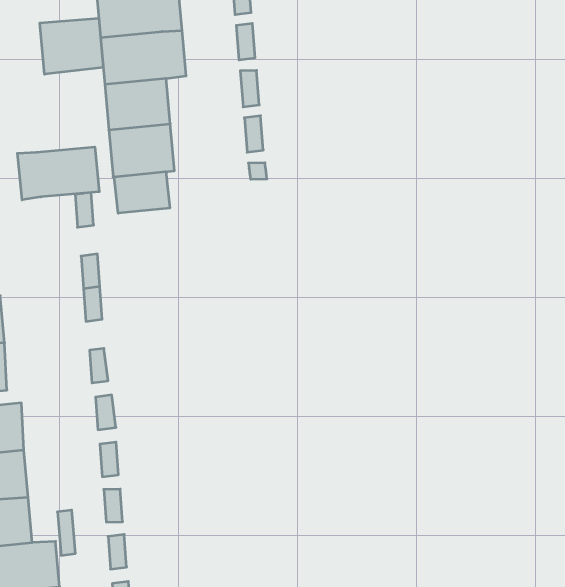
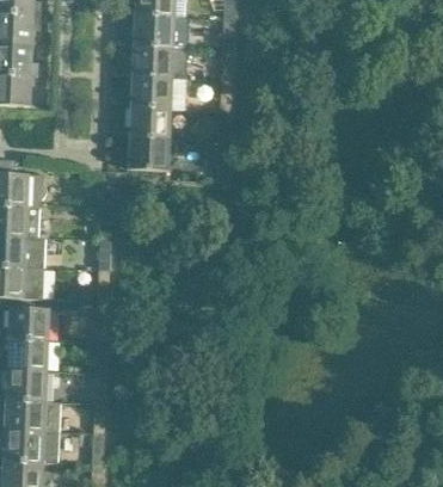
building: [40,18,103,74] -> none
building: [17,147,99,200] -> none
building: [114,172,170,213] -> none

